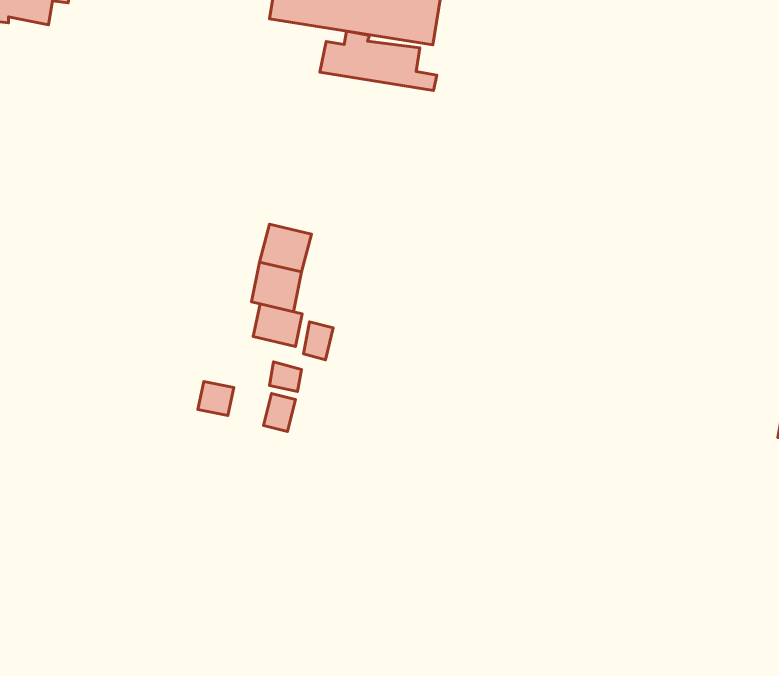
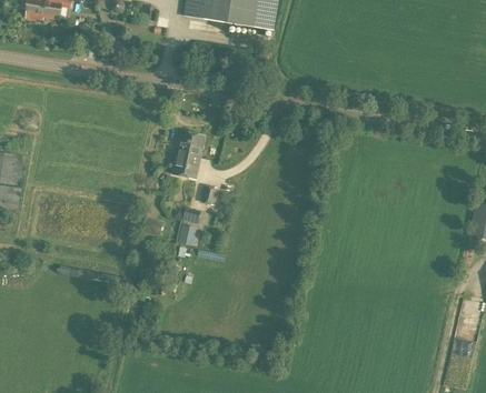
building: [320,31,437,91] -> none
building: [253,304,302,347] -> none

